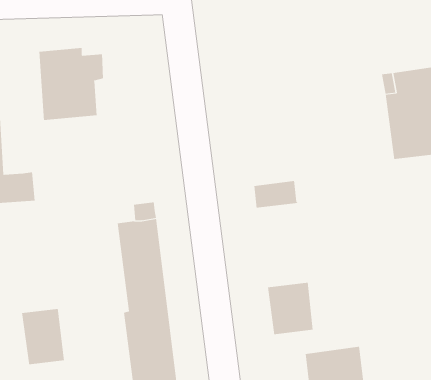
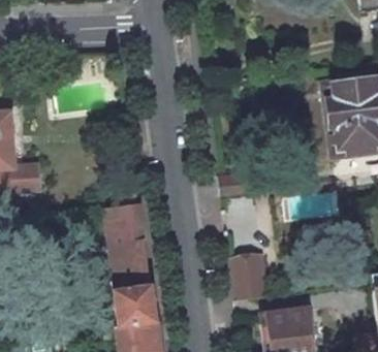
building: [39,47,103,121] -> none
building: [22,308,64,365] -> none

